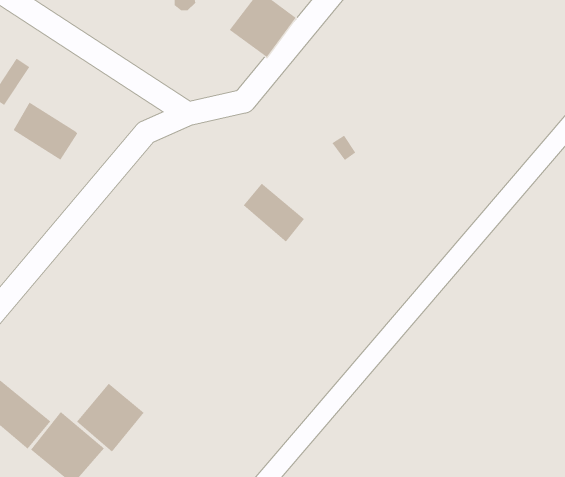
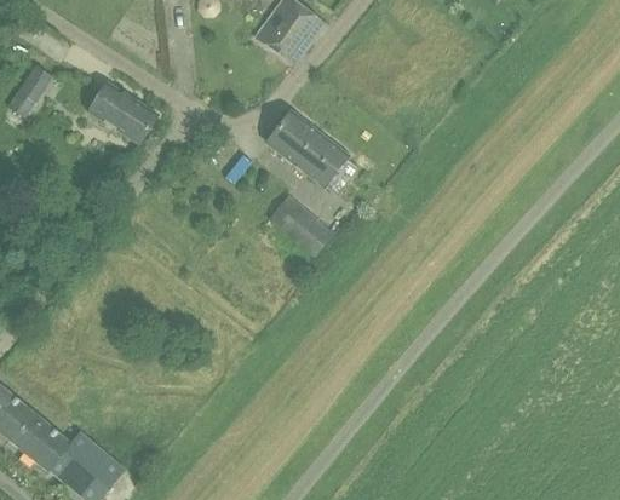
building: [13,102,78,160] -> [90,82,157,143]
building: none -> [269,111,346,184]
building: [76,383,144,452] -> none

